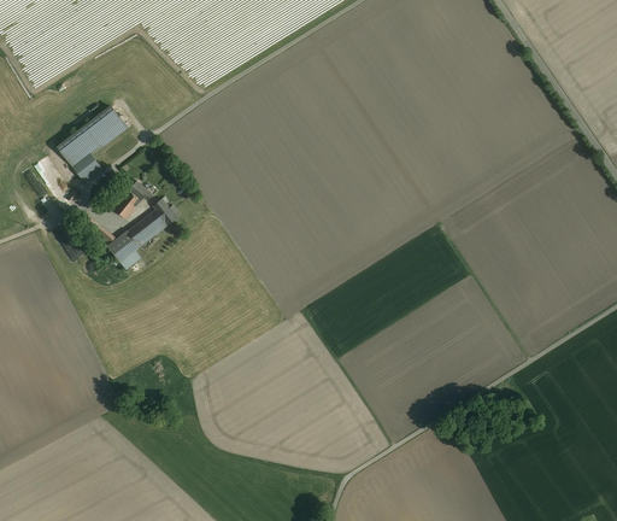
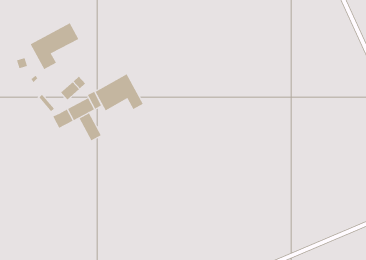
building: none -> [95,74,144,111]
building: none -> [79,112,102,141]

